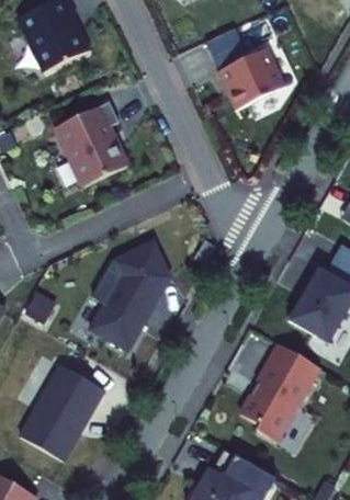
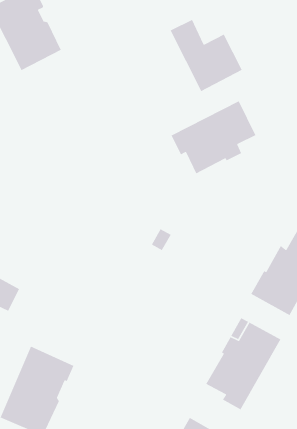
building: [55,101,128,188] -> none
building: none -> [170,100,256,175]
building: [88,247,162,351] -> none

